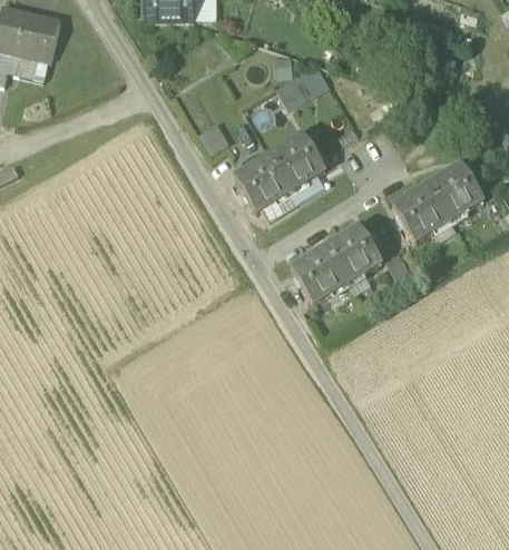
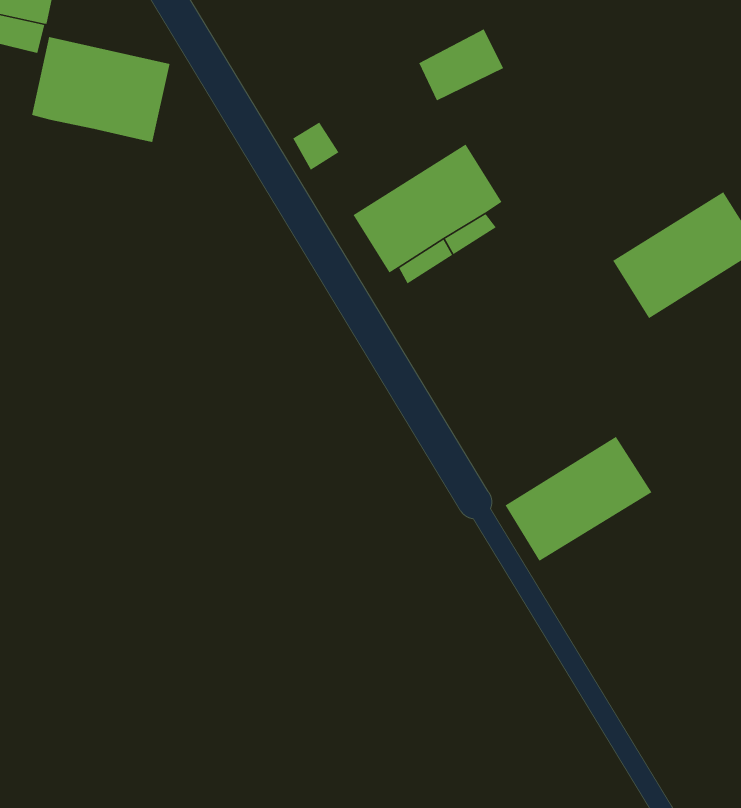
building: none -> [31,36,170,143]
building: [293,224,383,301] -> [504,436,653,562]

